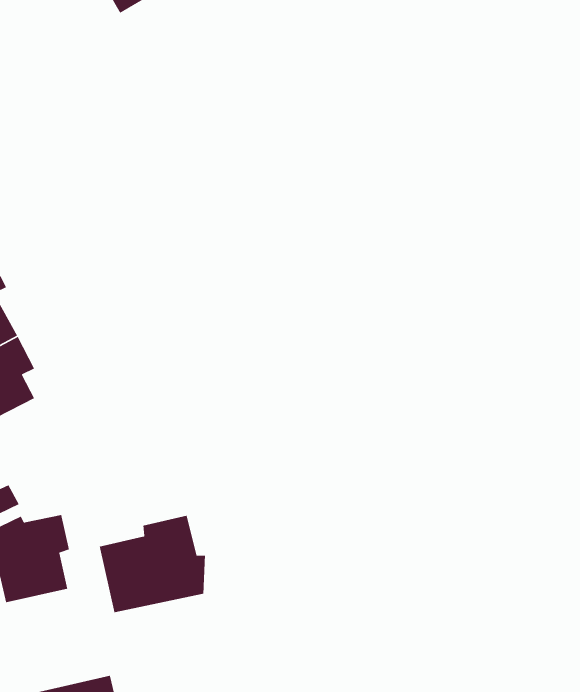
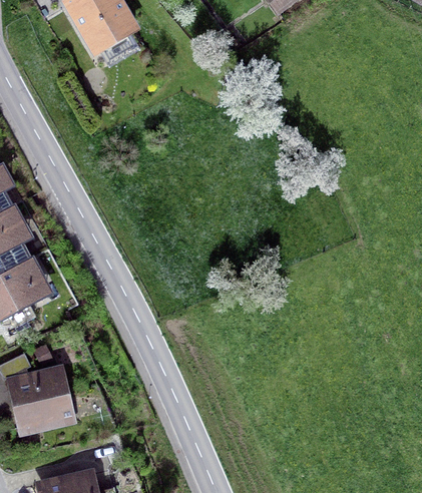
building: [99,515,206,613] -> none

